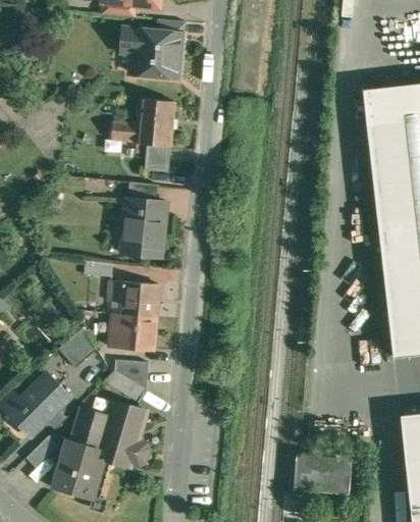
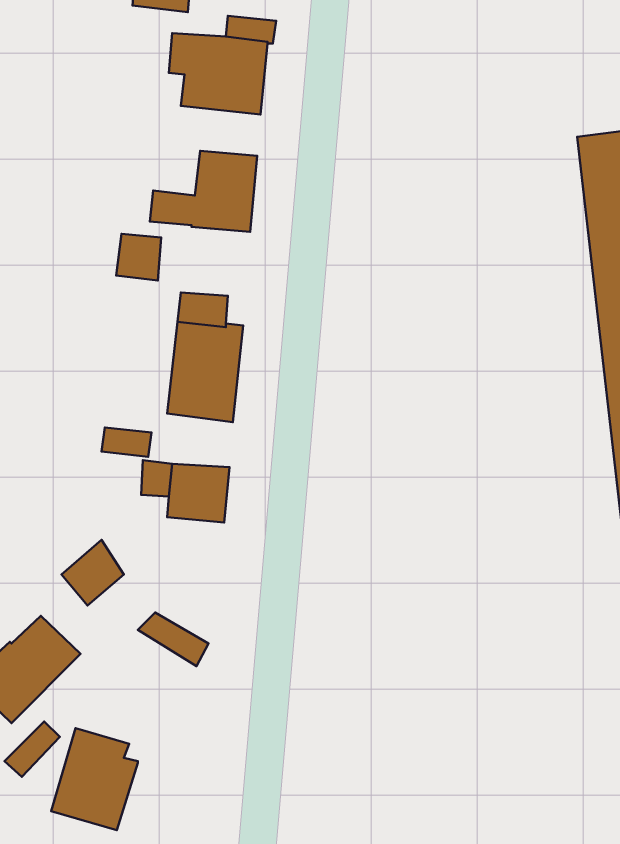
building: [145,145,171,172] -> [116,234,161,281]
building: [109,314,156,350] -> none
building: [114,359,149,389] -> none
building: [72,392,147,467] -> none
building: [294,455,350,497] -> none

